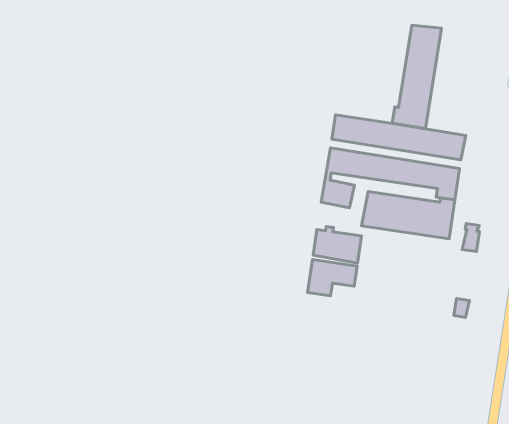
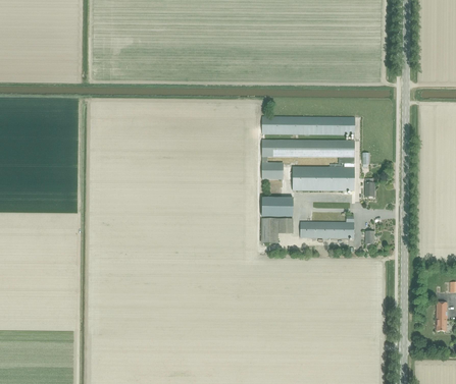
building: [392,25,442,129] -> none
building: none -> [300,222,354,238]

